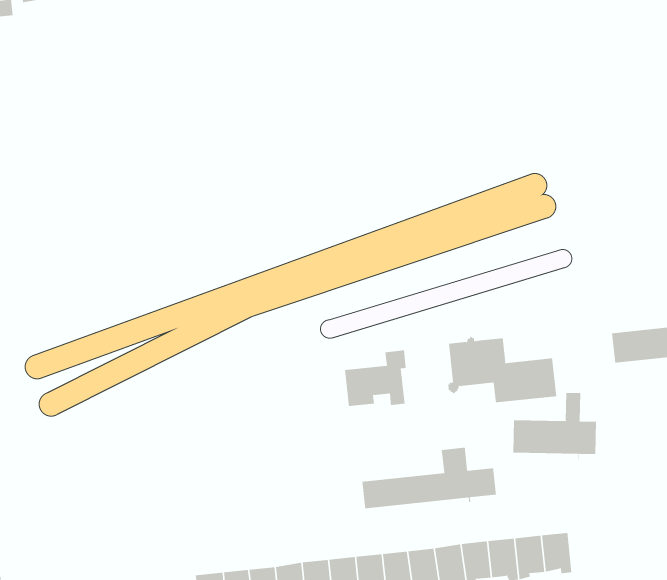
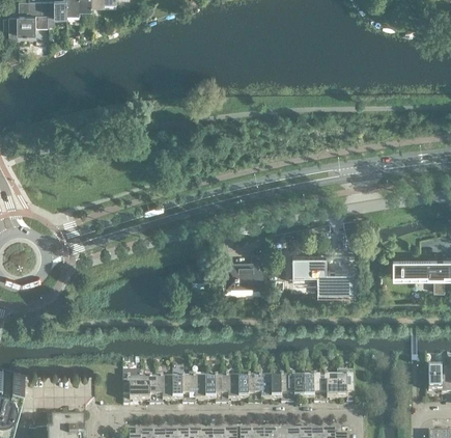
building: [513,392,596,460] -> none
building: [362,447,496,509] -> none

